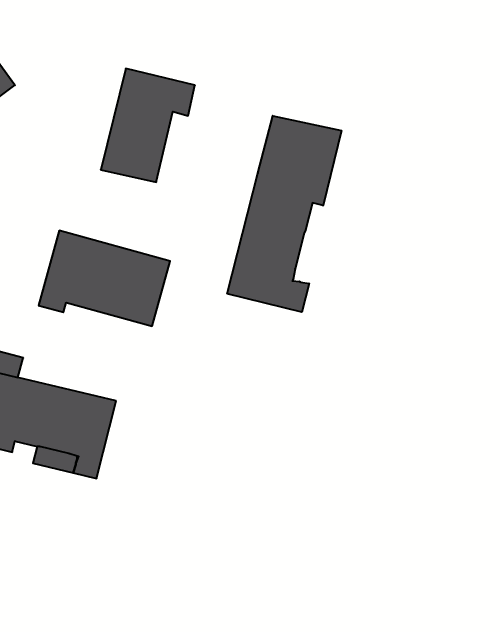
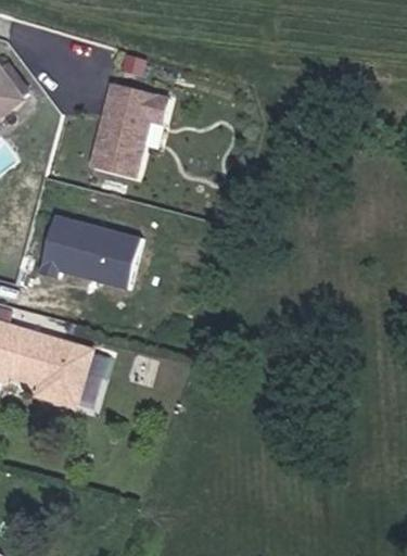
building: [227,116,341,312] -> none

